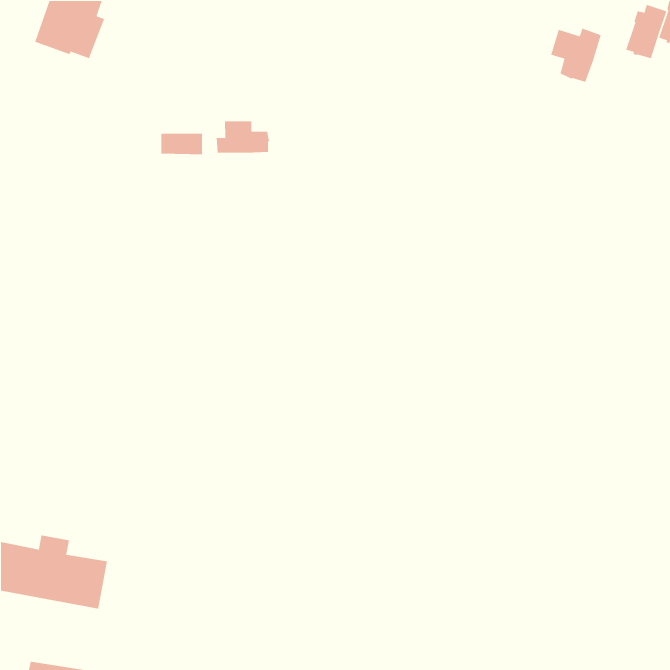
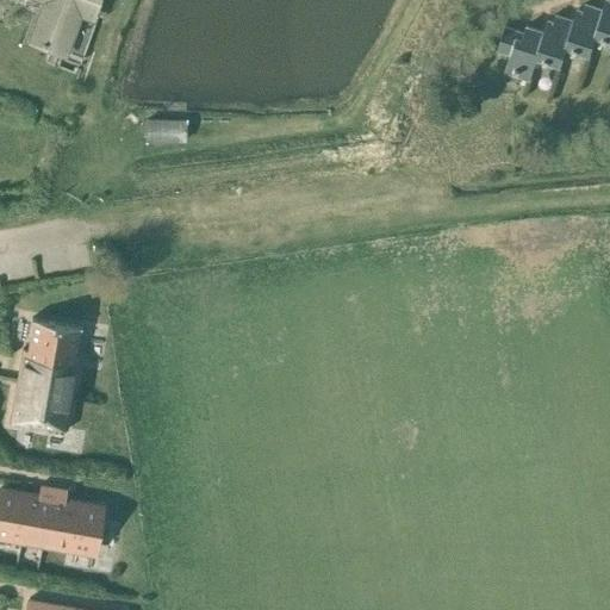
building: none -> [540,17,577,67]
building: [216,120,270,154] -> none
building: none -> [10,320,80,434]

